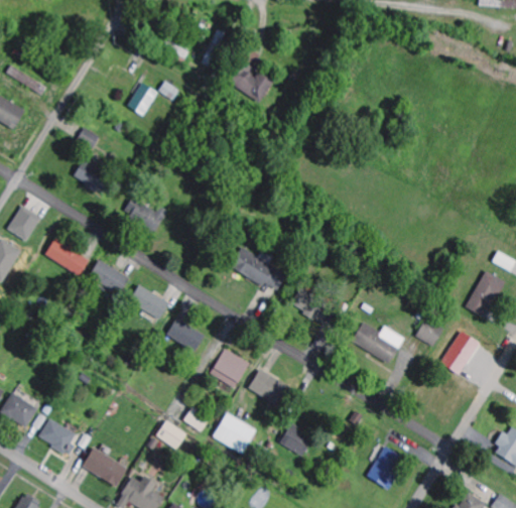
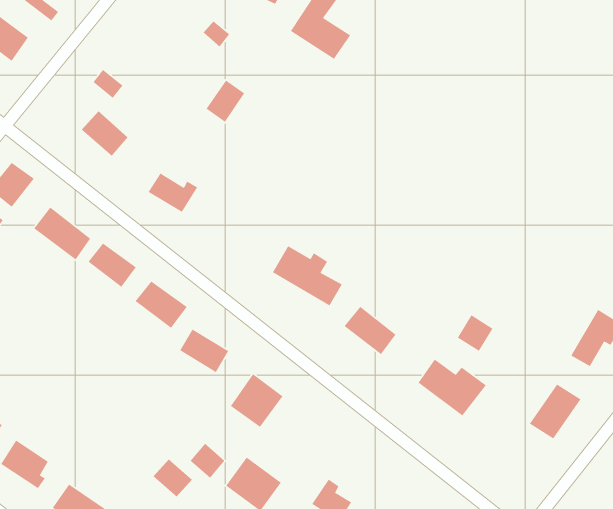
building: [128,83,157,116] -> [206,79,245,123]
building: [415,319,442,347] -> [457,314,493,352]
building: [248,369,287,405] -> none

